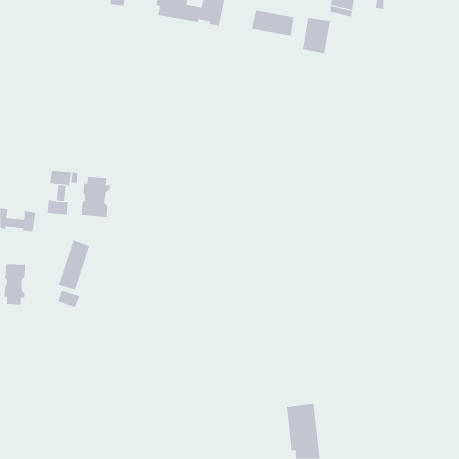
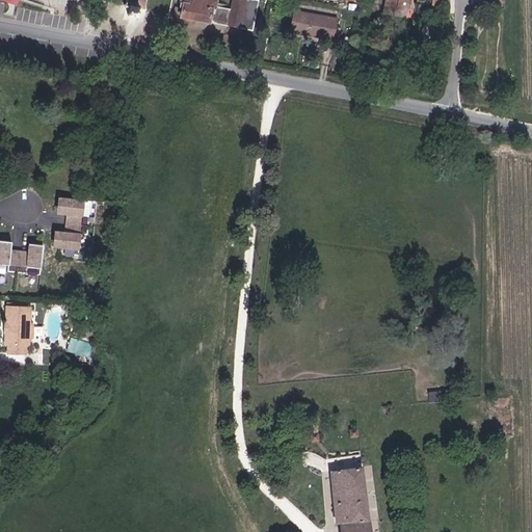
building: [303,17,331,54] -> none
building: [81,176,111,218] -> none
building: [58,239,90,290] -> none

